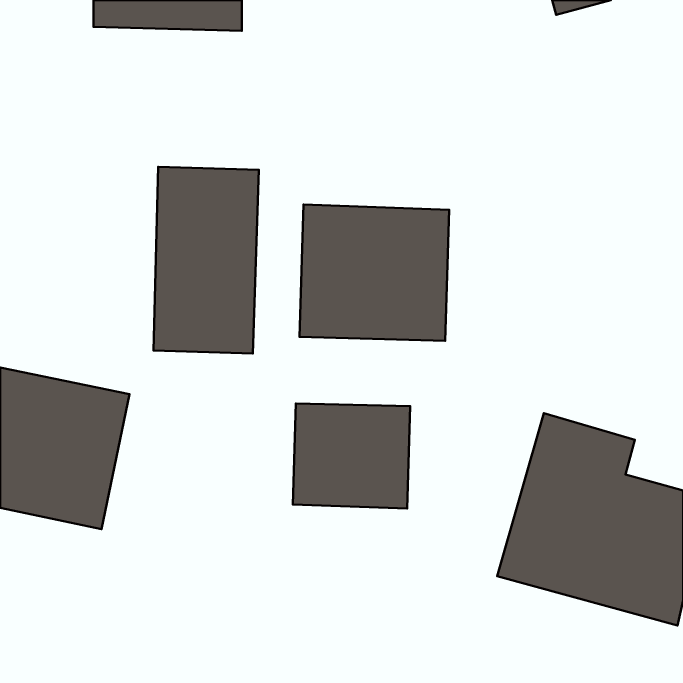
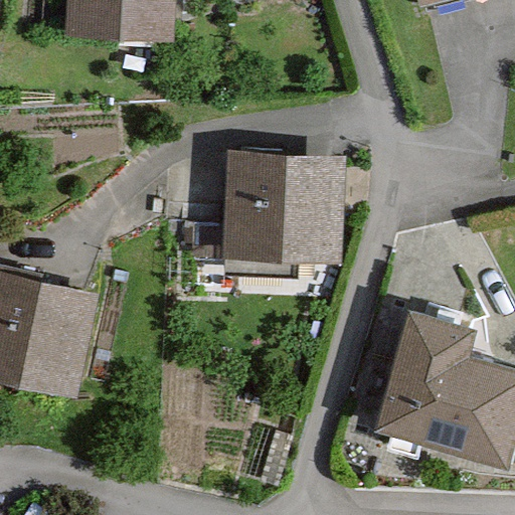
building: [153,167,259,353] -> none
building: [293,403,410,508] -> none

